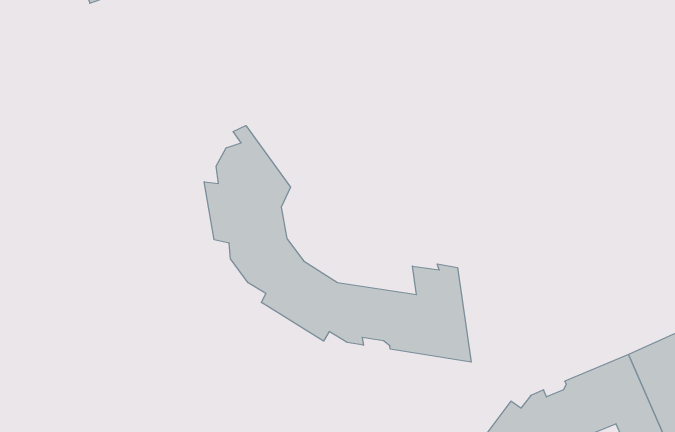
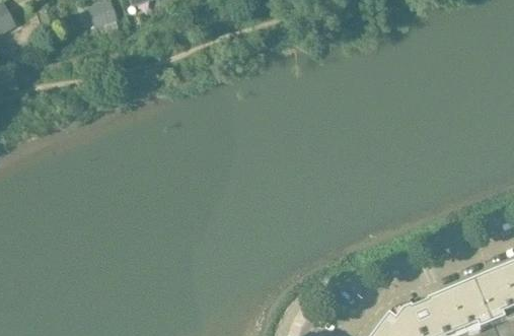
building: [204,126,471,362] -> none

